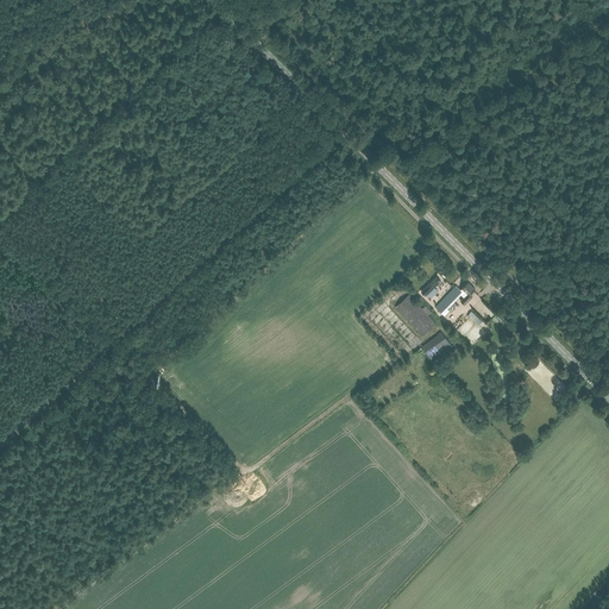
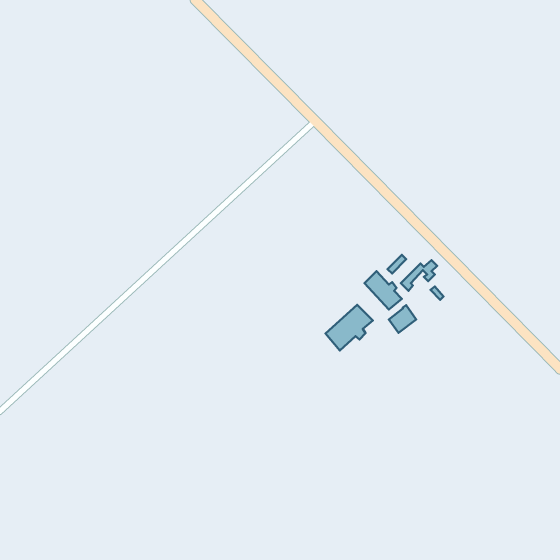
building: none -> [326,305,373,350]

